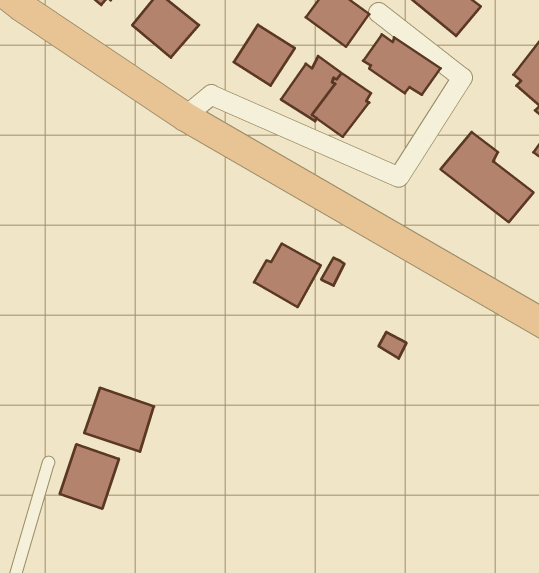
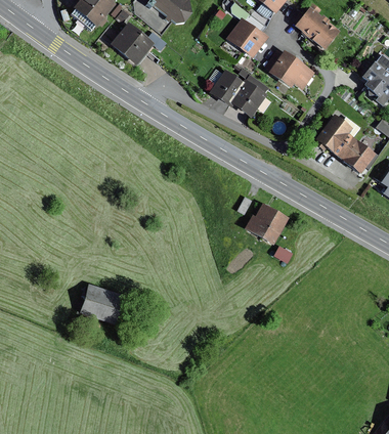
building: [234,25,295,86] -> none
building: [254,244,321,307] -> [245,203,289,245]
building: [60,444,119,509] -> none

